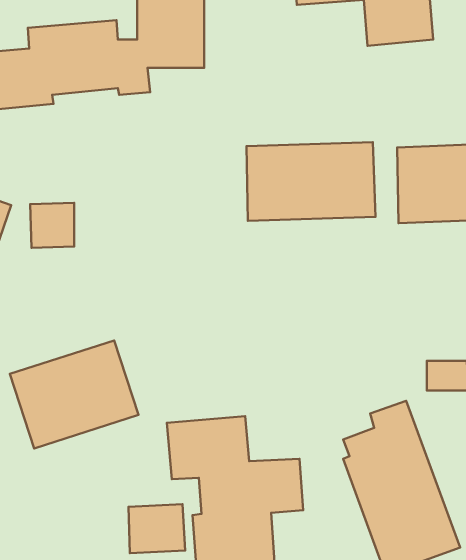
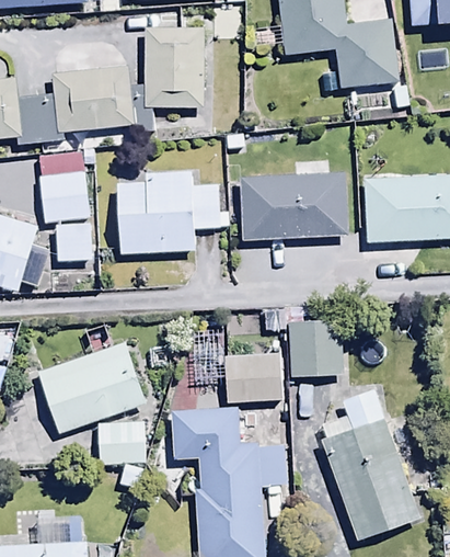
building: none -> [38,151,86,223]
building: none -> [118,171,229,254]
building: none -> [287,318,343,377]
building: none -> [224,354,284,401]
building: [129,504,185,553] -> [97,422,146,464]

